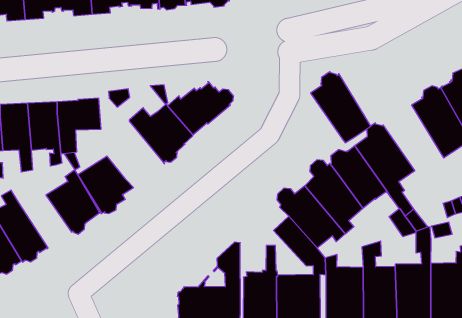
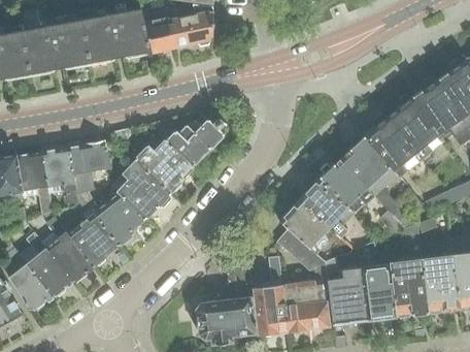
building: [311,72,371,143] -> [364,116,422,179]
building: none -> [115,159,172,219]
building: none -> [41,219,93,282]

